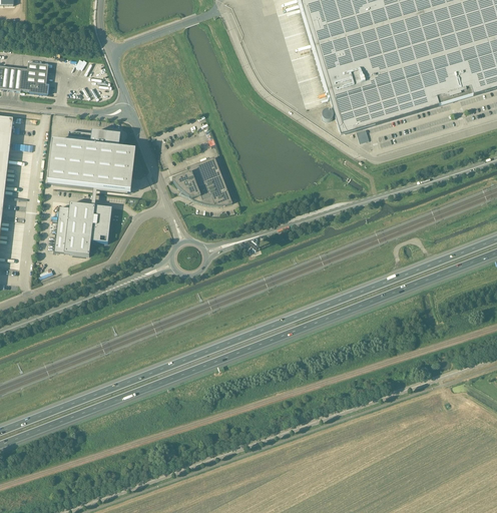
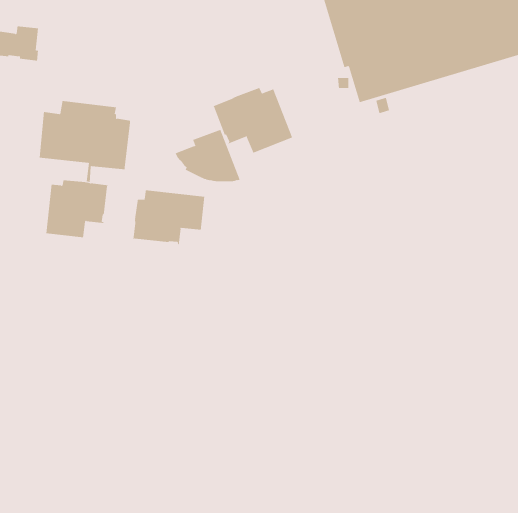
building: none -> [212,87,293,154]
building: none -> [133,189,205,245]

